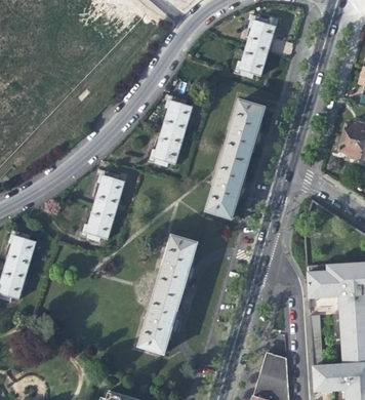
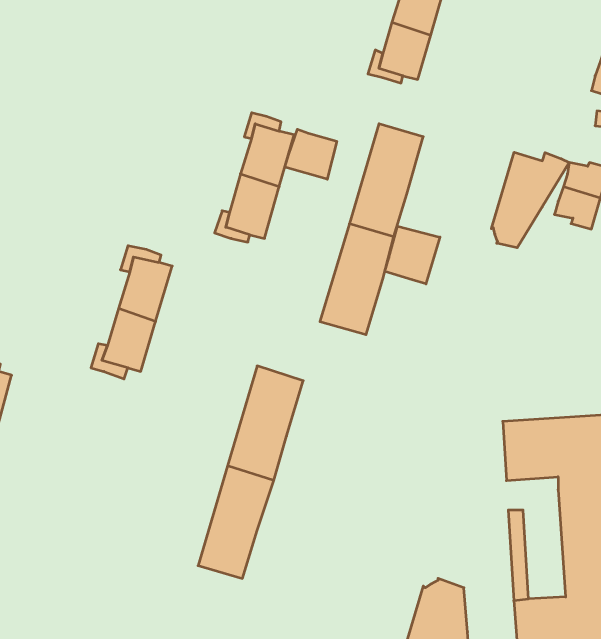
building: none -> [285,129,337,179]
building: none -> [491,152,569,248]
building: none -> [385,226,440,284]

